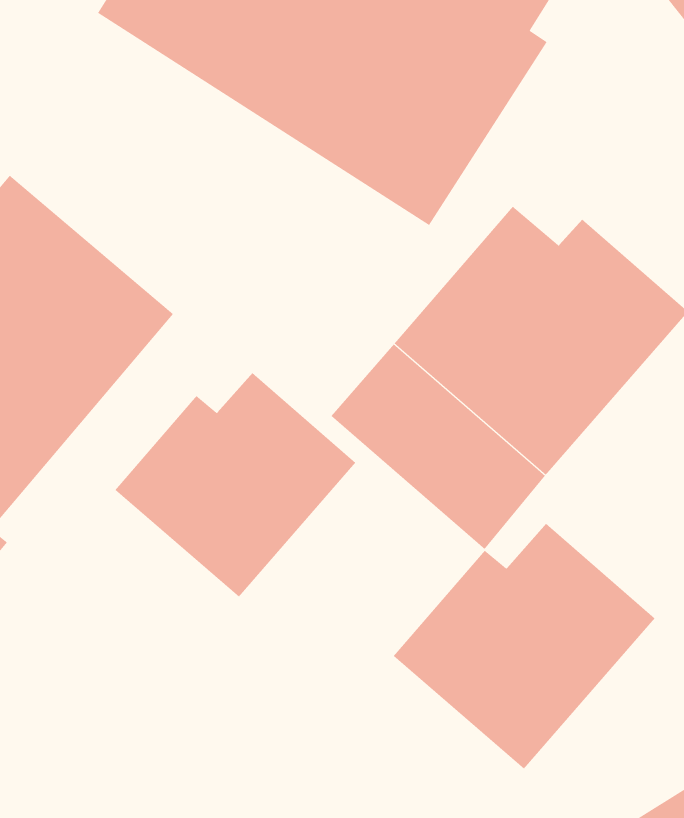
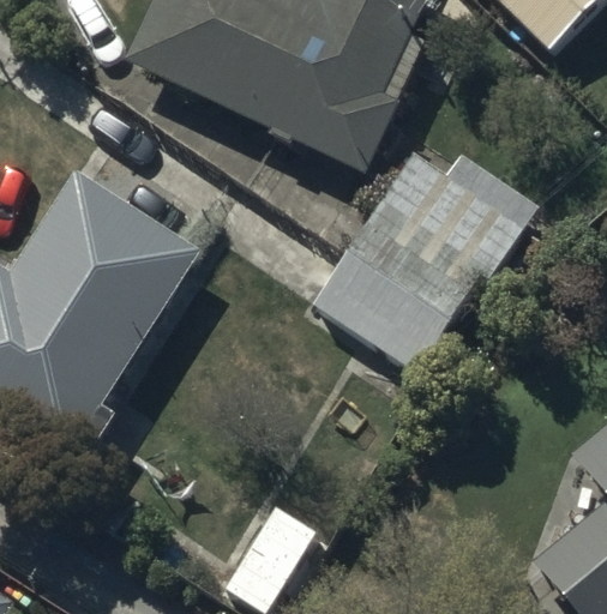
building: [114,372,356,597] -> none
building: [393,523,656,769] -> none

